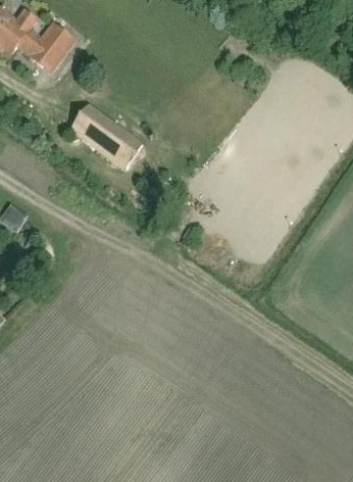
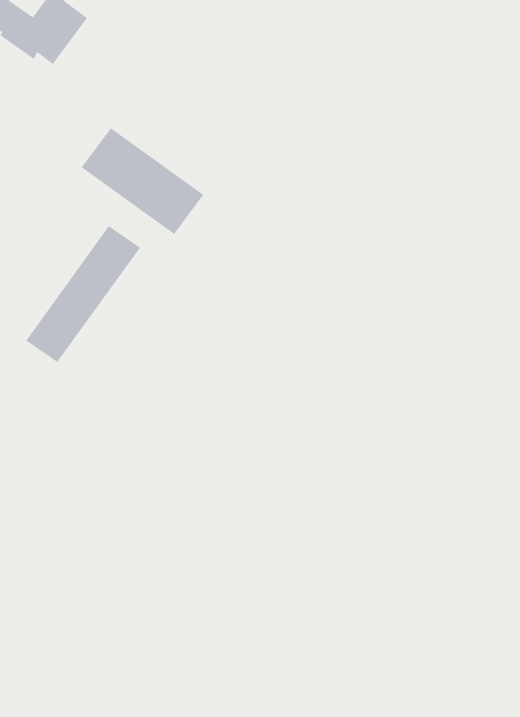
building: none -> [25,225,141,363]

